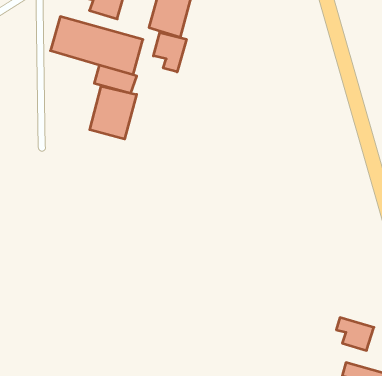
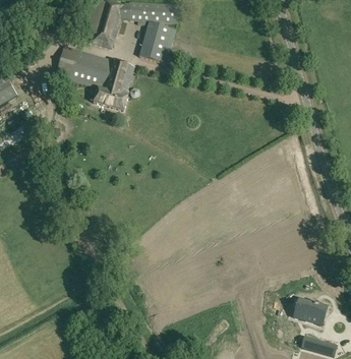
building: [153,32,186,72] -> none
building: [90,86,137,139] -> none

